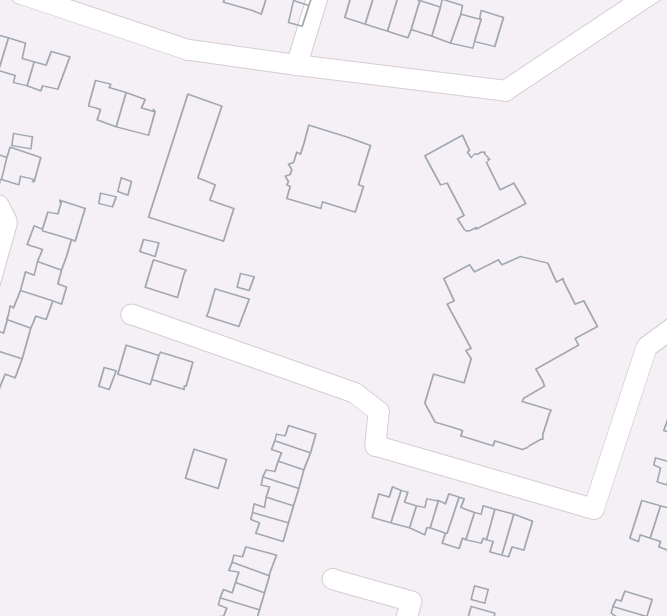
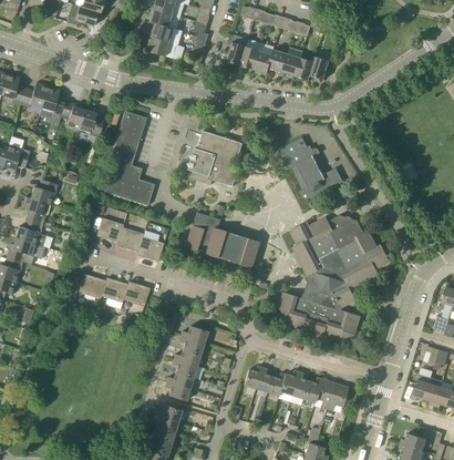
building: none -> [39,85,64,119]
building: none -> [183,212,258,269]
building: none -> [116,226,143,252]
building: [186,449,227,488] -> [123,280,149,306]

